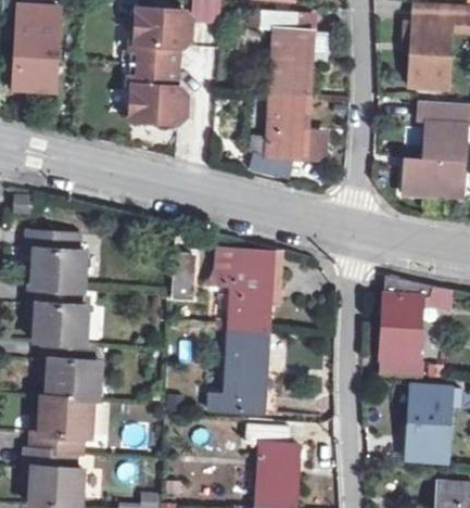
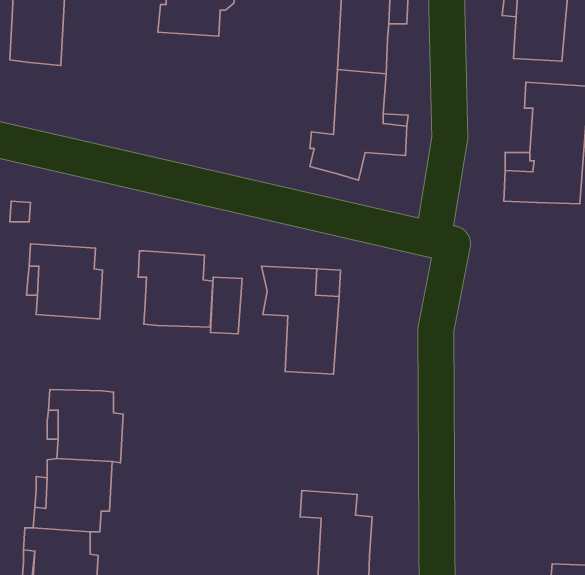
building: [128,64,186,122] -> none
building: [380,275,434,376] -> none
building: [29,285,88,345] -> [138,251,213,327]
building: [208,330,267,414] -> none
building: [408,384,452,460] -> none

